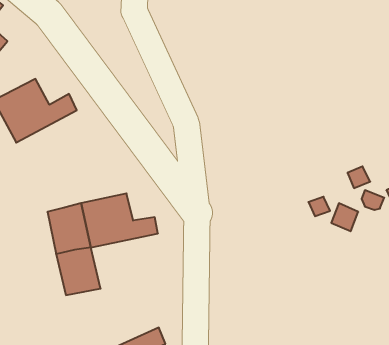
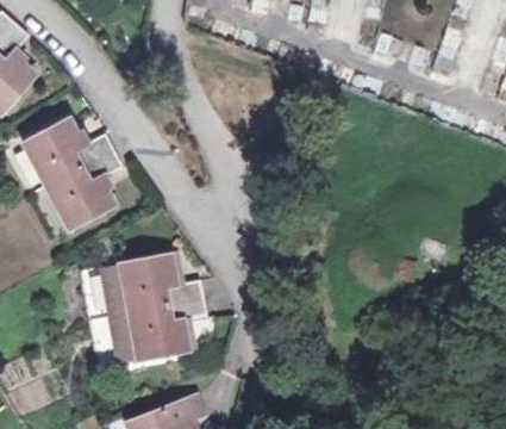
building: none -> [45,153,121,232]
building: none -> [127,288,206,349]

